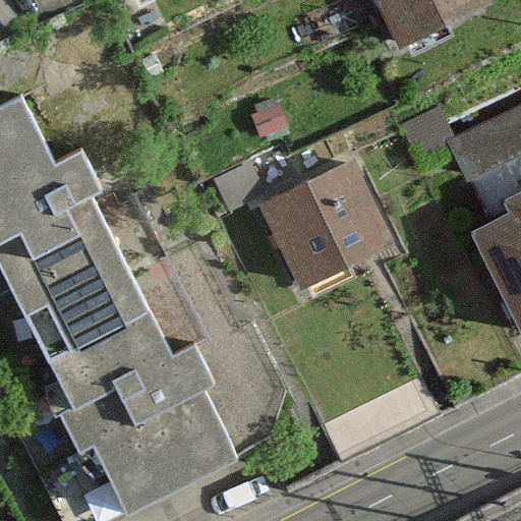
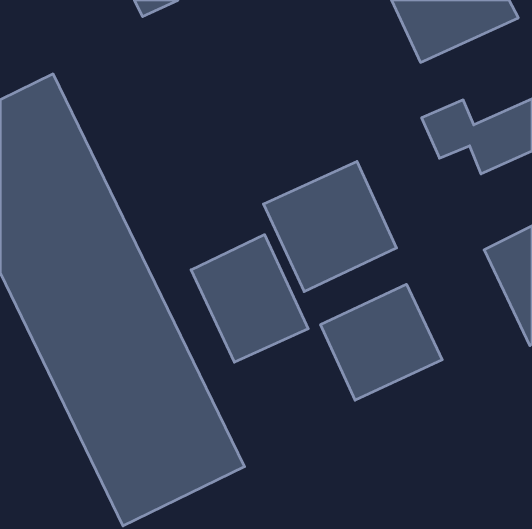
building: none -> [191,235,308,362]
building: none -> [321,284,442,400]

